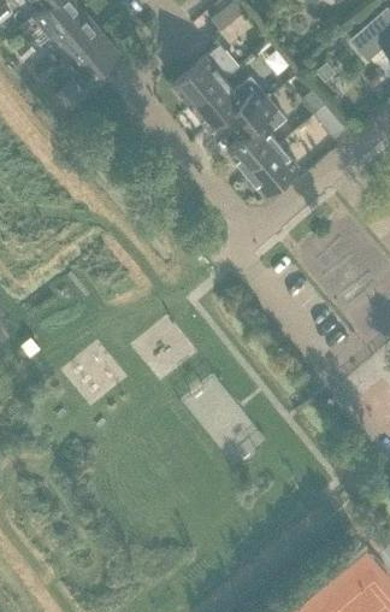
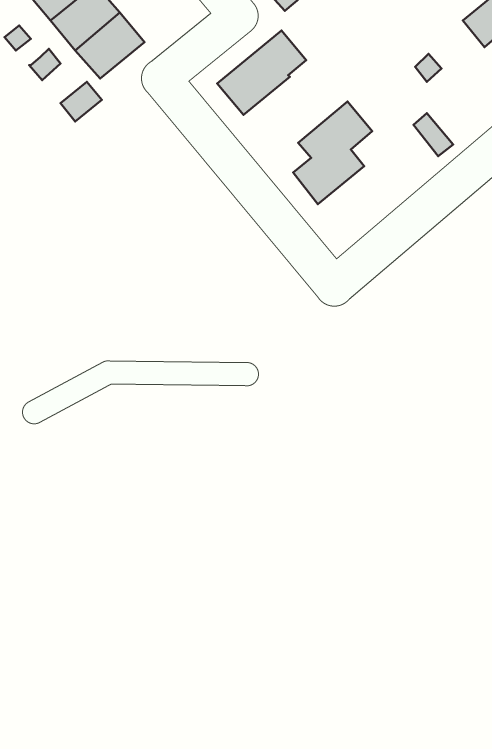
building: [191,77,267,129] -> none
building: [246,145,297,194] -> none

